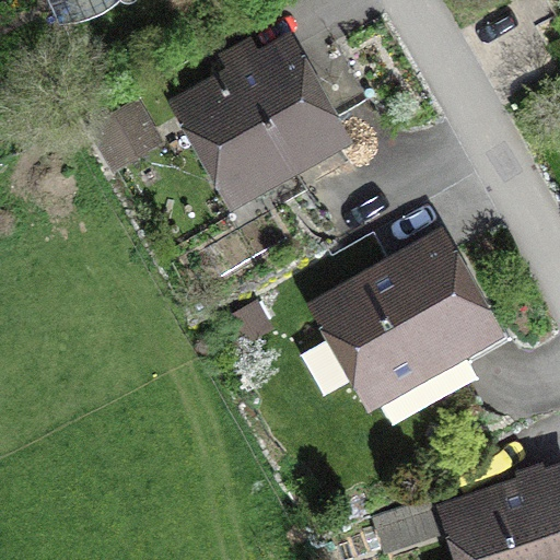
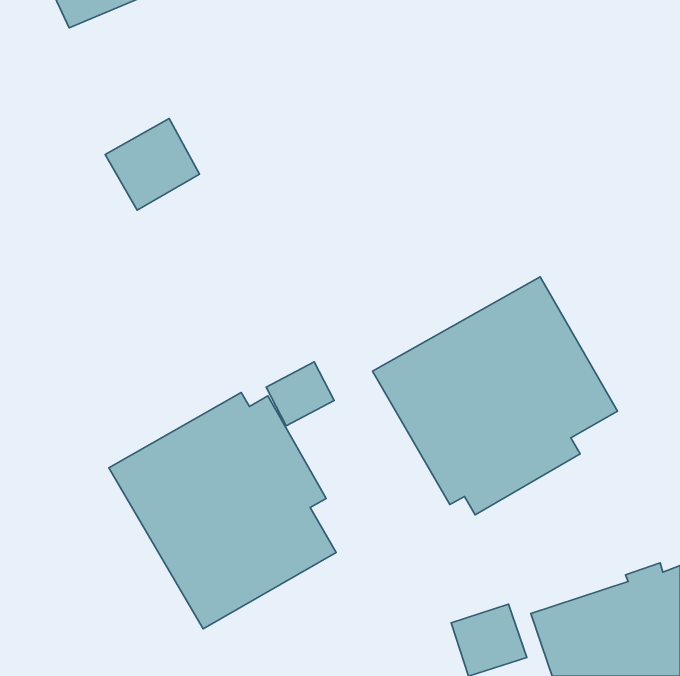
building: [168,33,354,221] -> none
building: none -> [109,393,336,629]

